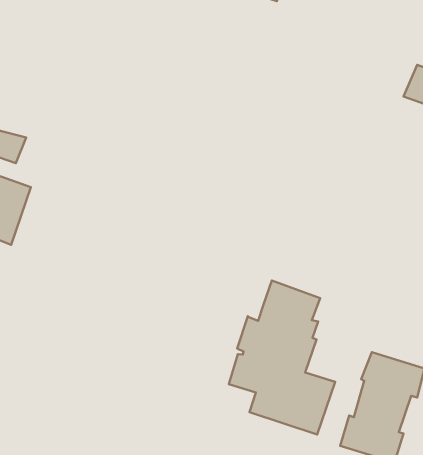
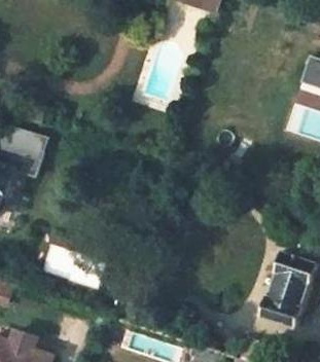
building: [229,281,335,435] -> none

